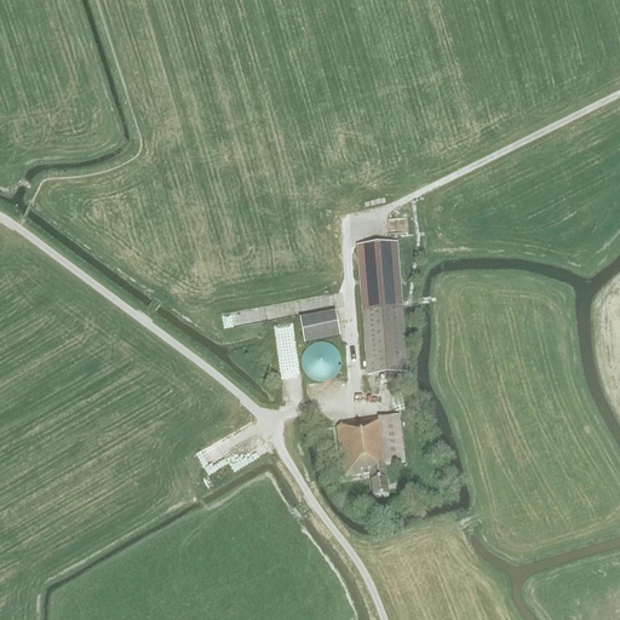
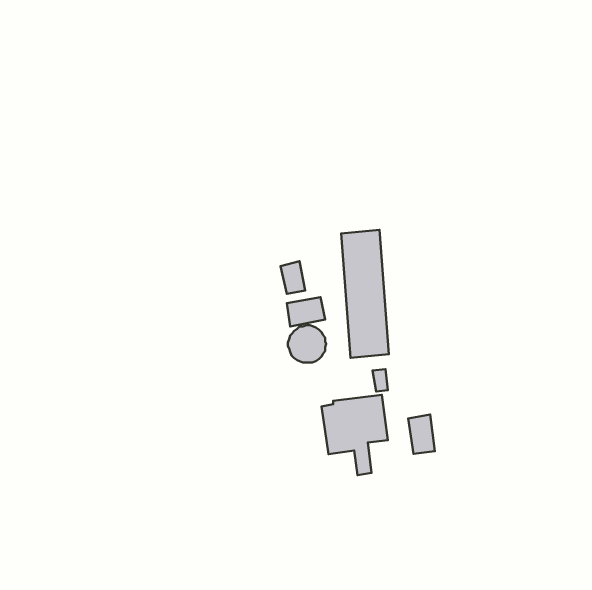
building: none -> [280,261,305,294]
building: none -> [408,414,435,454]

